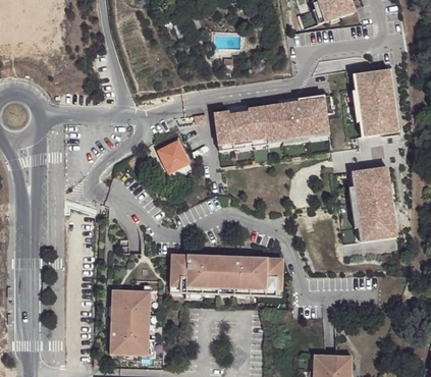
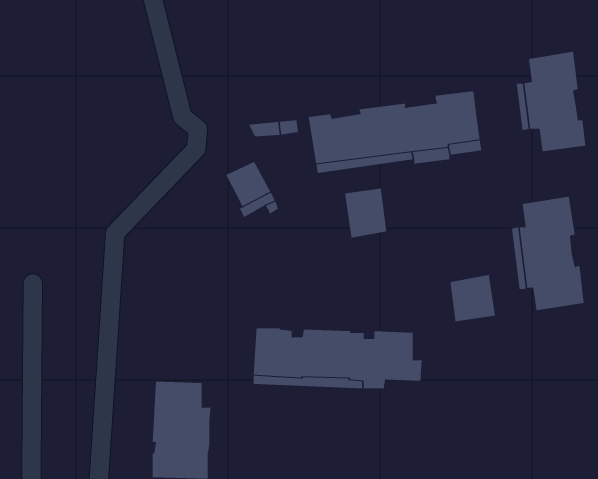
building: none -> [345,188,387,239]
building: none -> [450,274,495,322]

